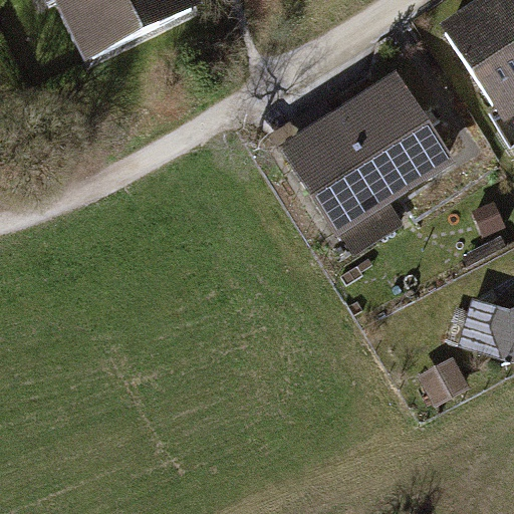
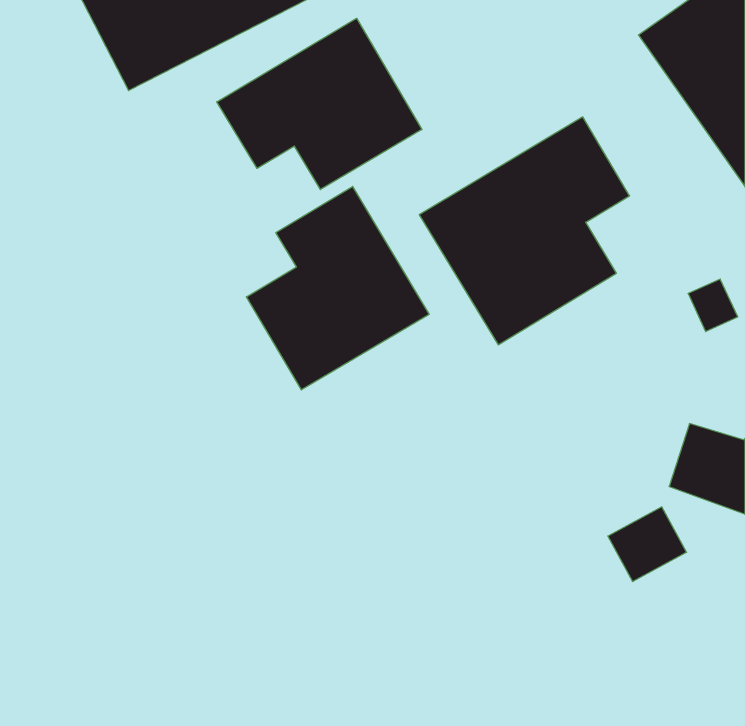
building: none -> [217,18,422,190]
building: none -> [246,186,429,390]

